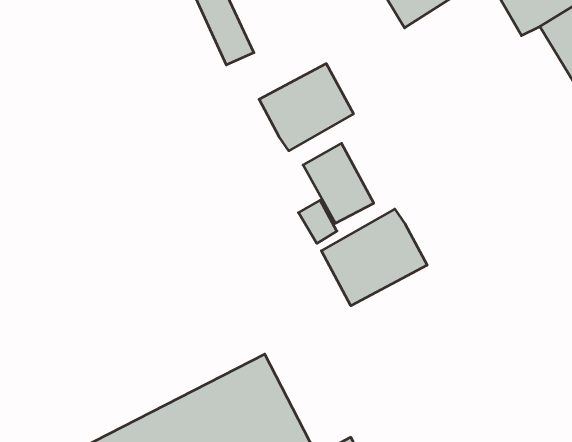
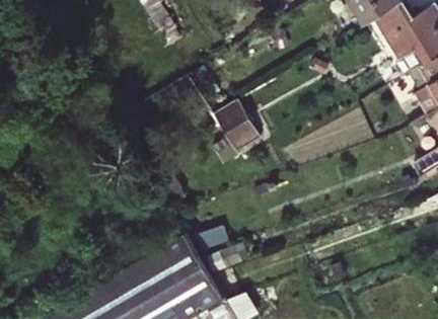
building: [259,64,353,151] -> none
building: [321,209,427,306] -> none

